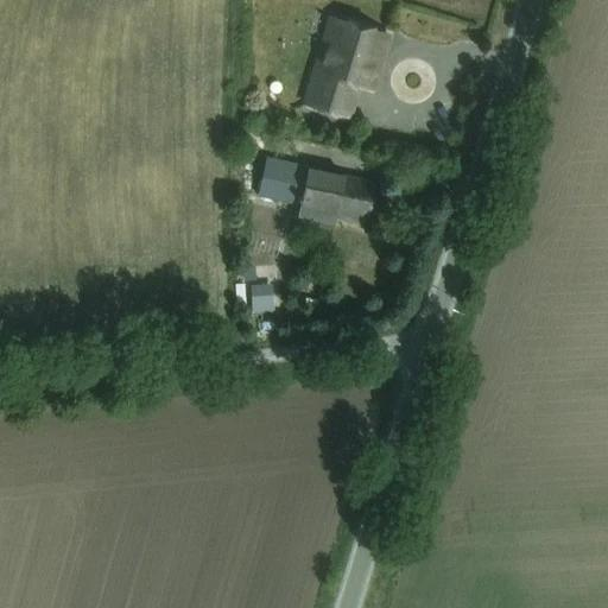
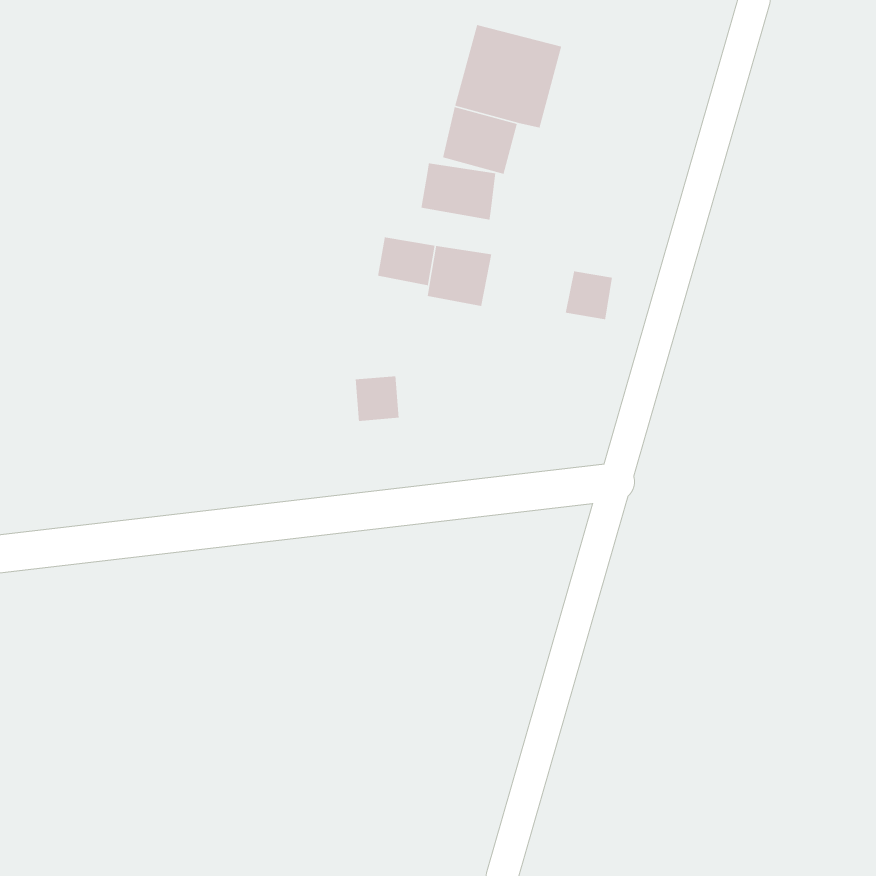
building: none -> [421,162,496,220]
building: [334,183,367,217] -> [565,270,613,320]

